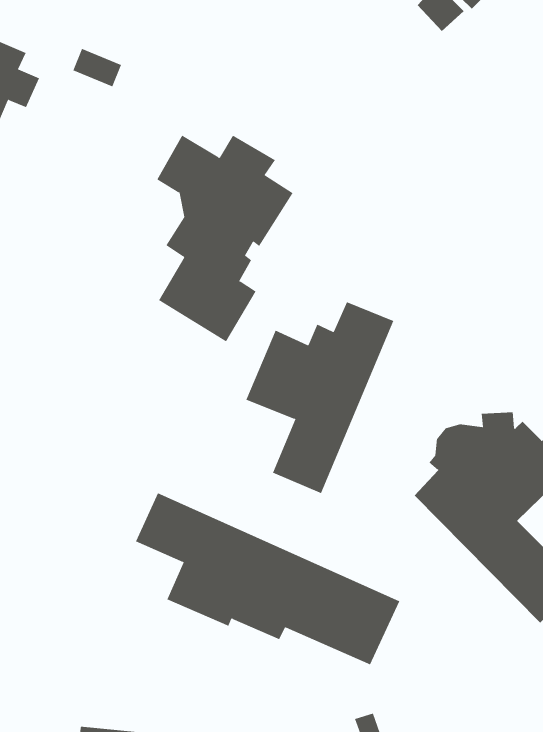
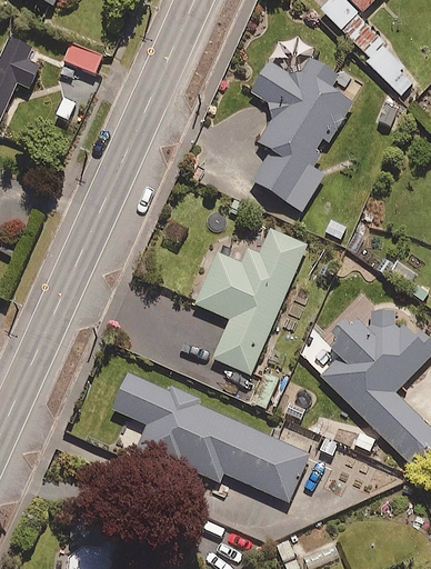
building: [157,135,294,342] -> [251,58,353,212]

